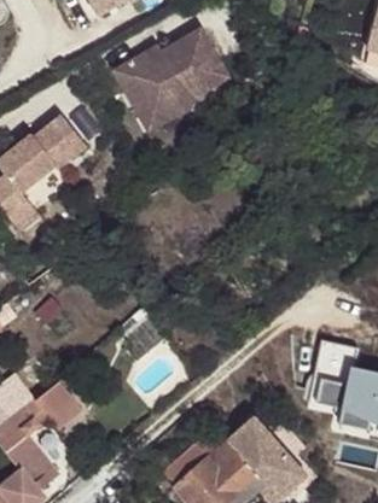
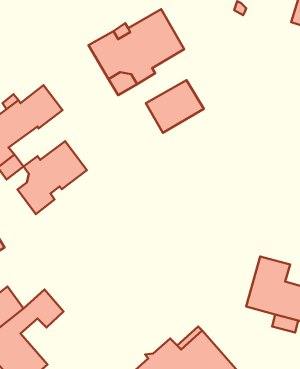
building: none -> [146,80,204,133]
building: none -> [17,141,87,214]

